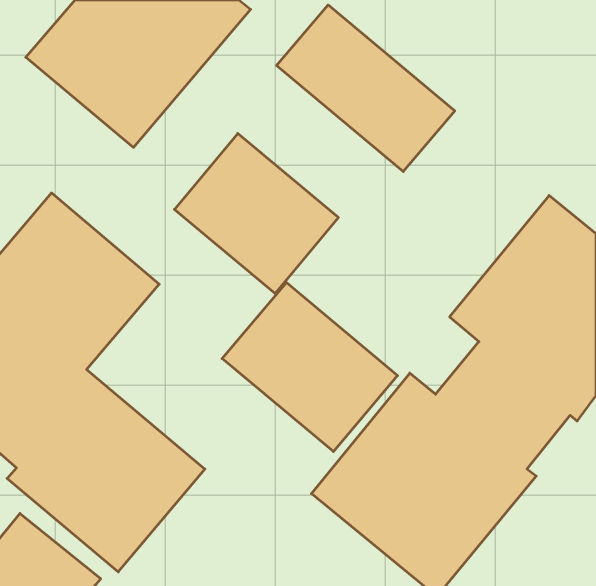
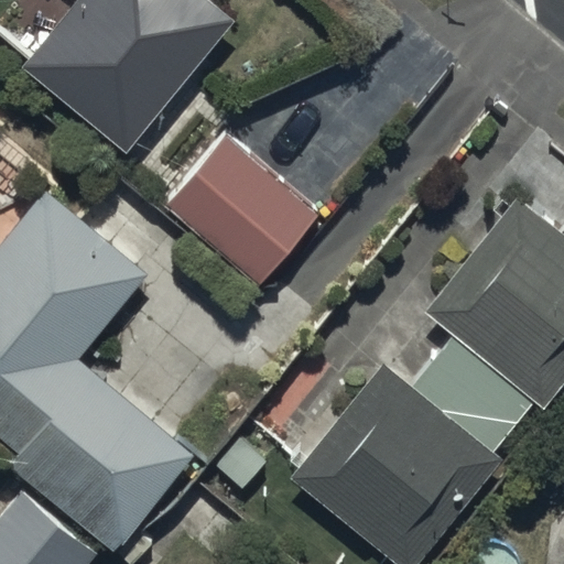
building: [277,5,455,172] -> none
building: [222,282,398,452] -> none

